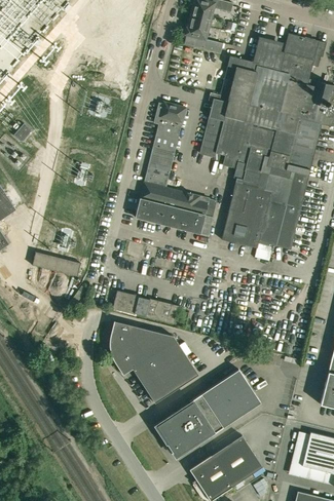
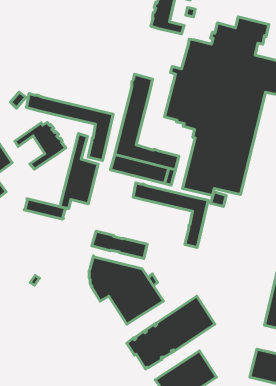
building: none -> [26,93,113,160]
building: none -> [15,122,66,169]
building: none -> [60,134,98,209]
building: none -> [133,183,208,248]

